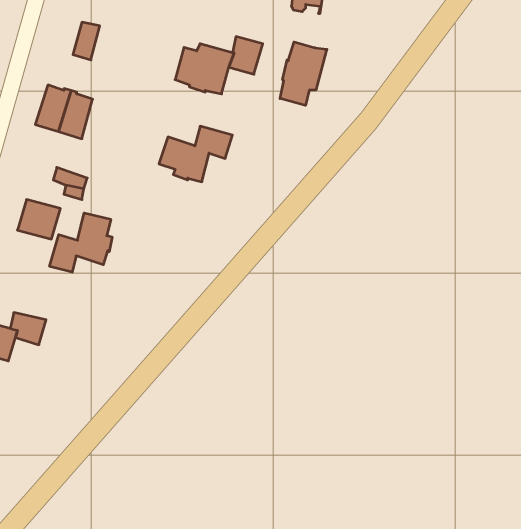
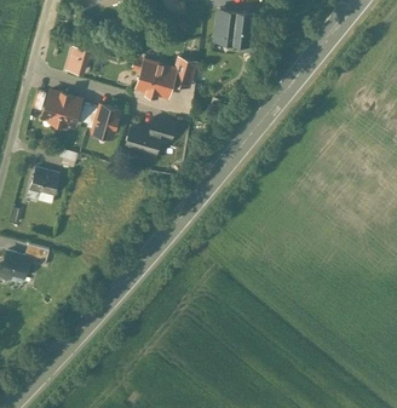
building: [280,42,327,105] -> none
building: none -> [92,107,119,139]
building: [50,213,112,272] -> none

